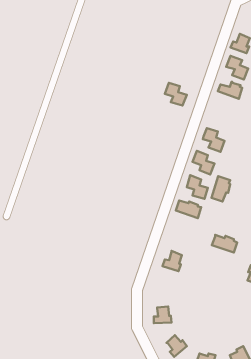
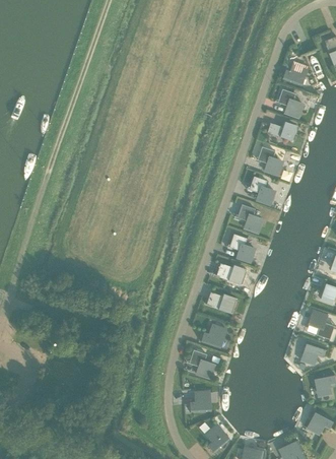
building: [165,83,187,106] -> [256,146,282,174]
building: [212,176,230,201] -> none
building: [212,235,237,253] -> [205,291,236,313]
building: none -> [188,349,213,377]

